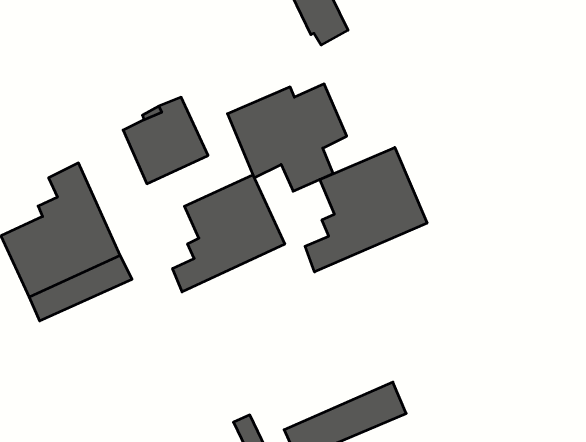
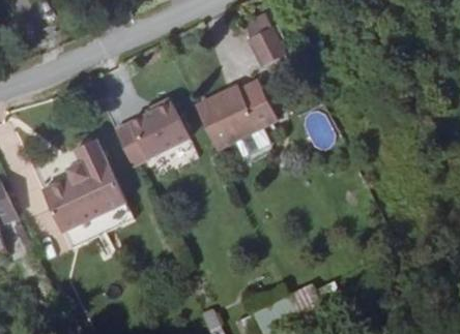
building: [305,147,427,272] -> none
building: [173,175,285,292] -> none

